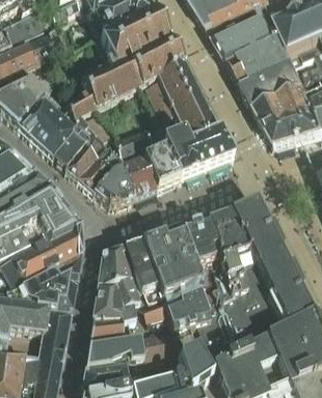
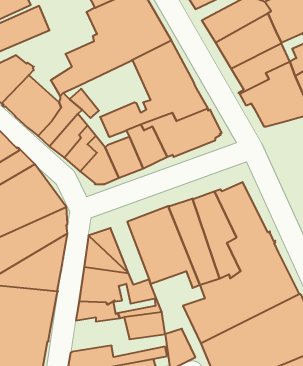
building: [124,239,162,302] -> none
building: [163,288,217,329] -> none
building: [85,334,142,363] -> none

